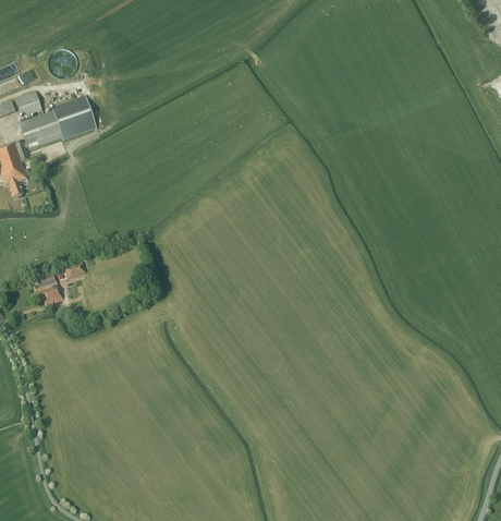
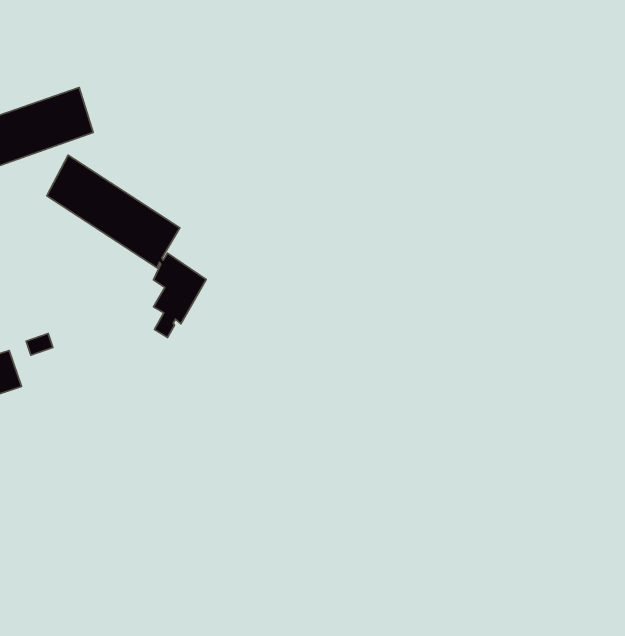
building: none -> [47,155,206,338]

